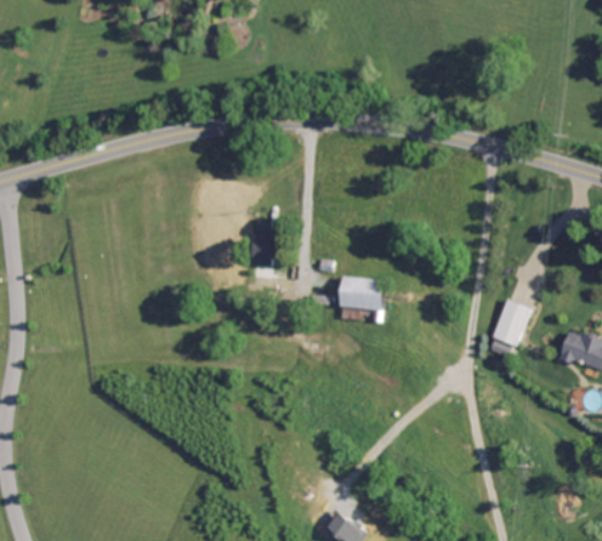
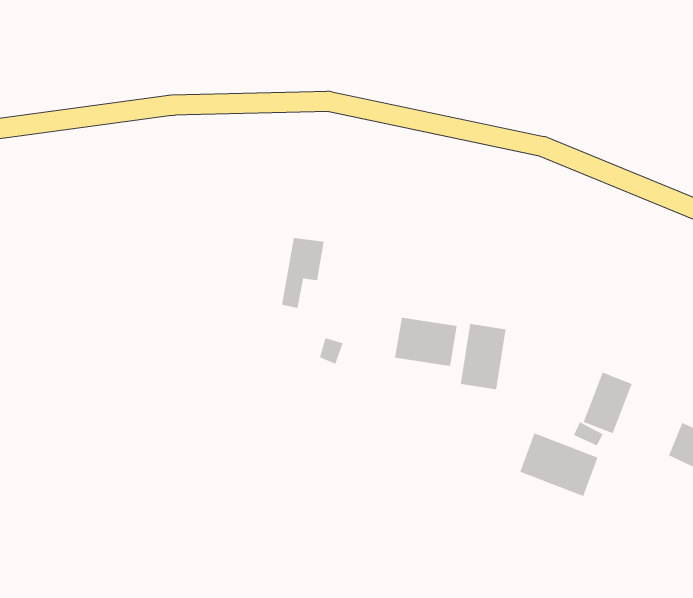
building: none -> [460,323,506,390]
building: none -> [519,433,598,497]

